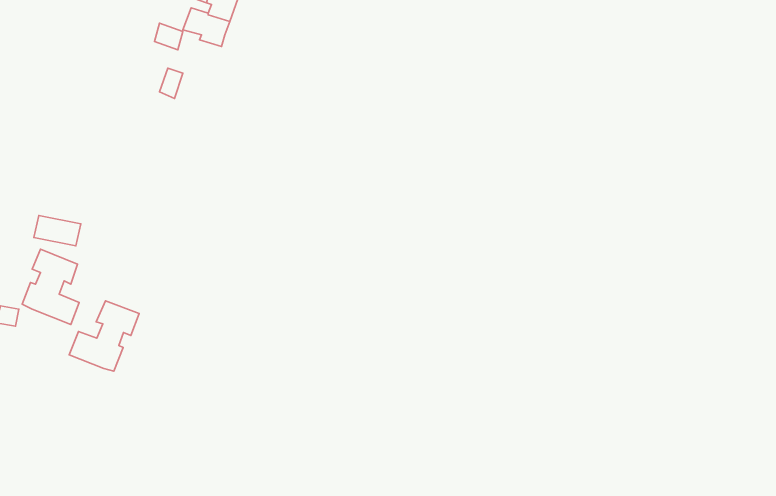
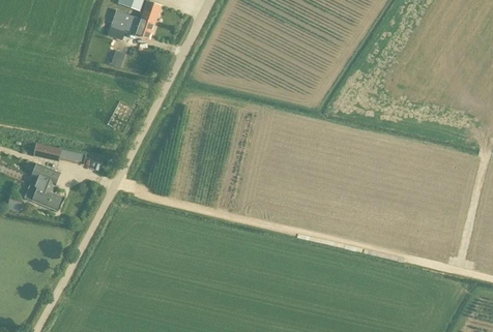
building: [69,301,139,371] -> none

